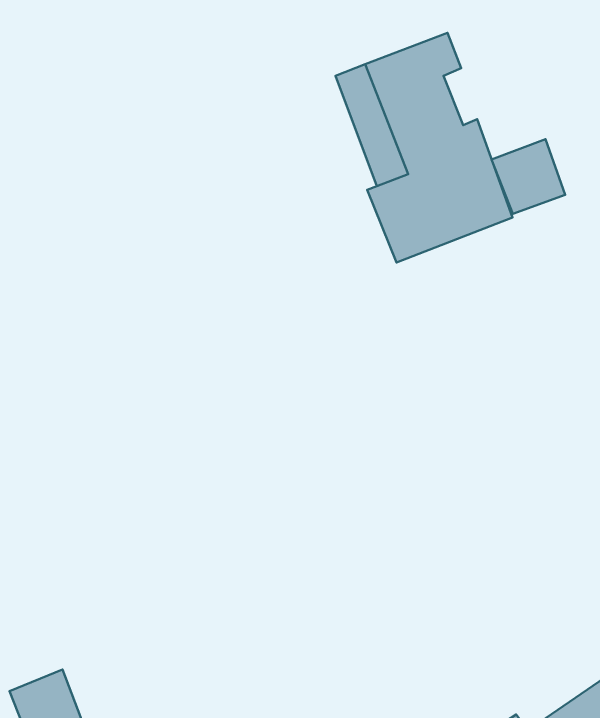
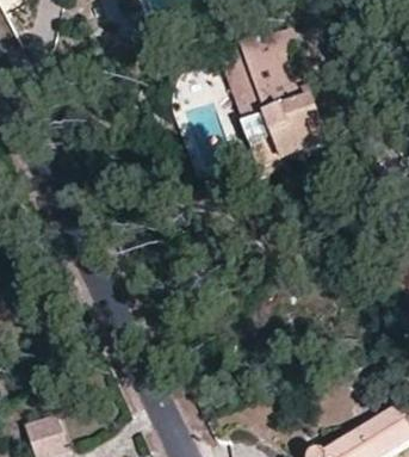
building: [492,139,565,214] -> none

